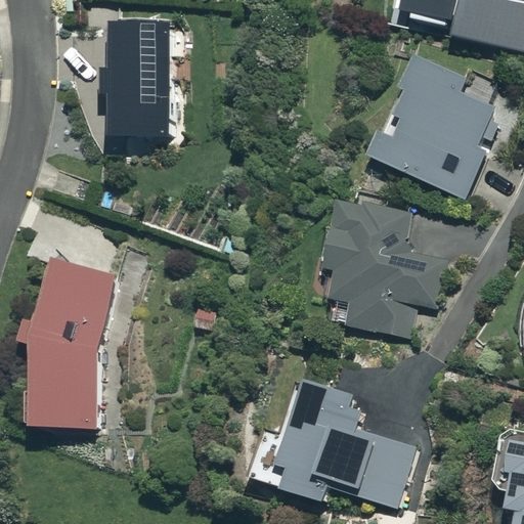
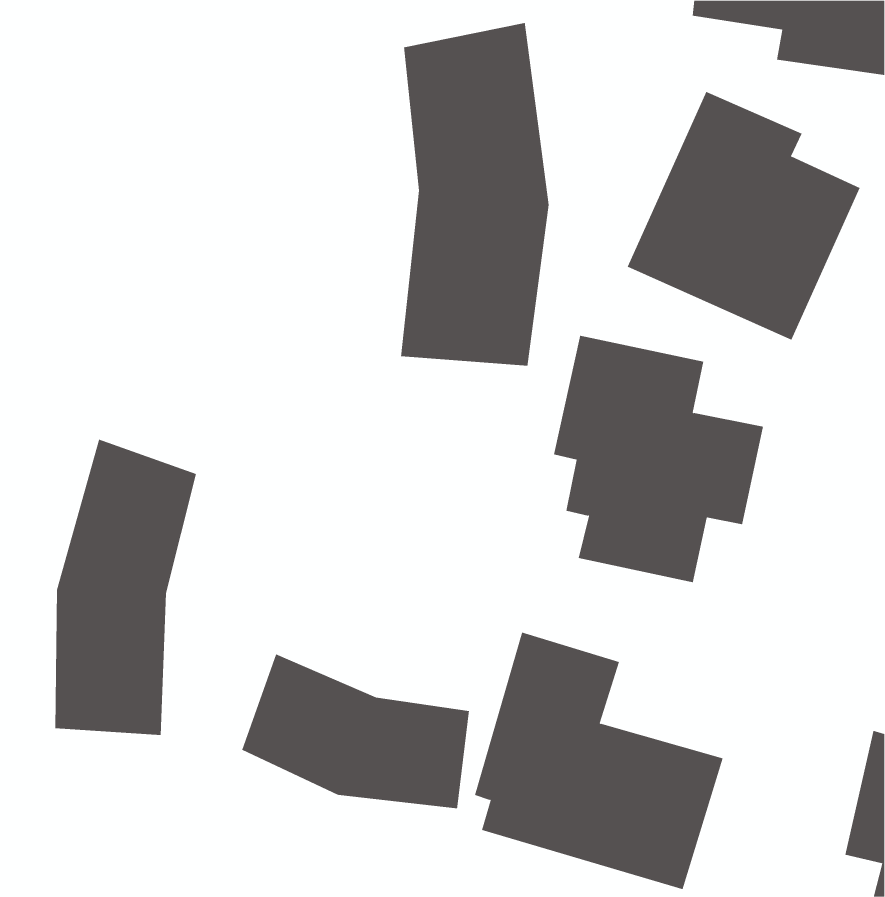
building: none -> [401,22,549,366]
building: [98,28,166,140] -> none
building: none -> [241,653,469,809]

